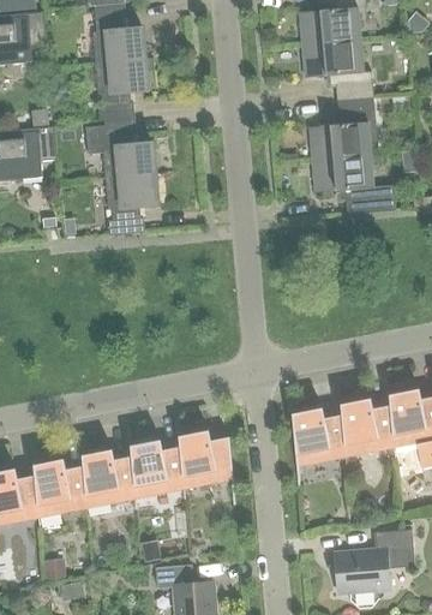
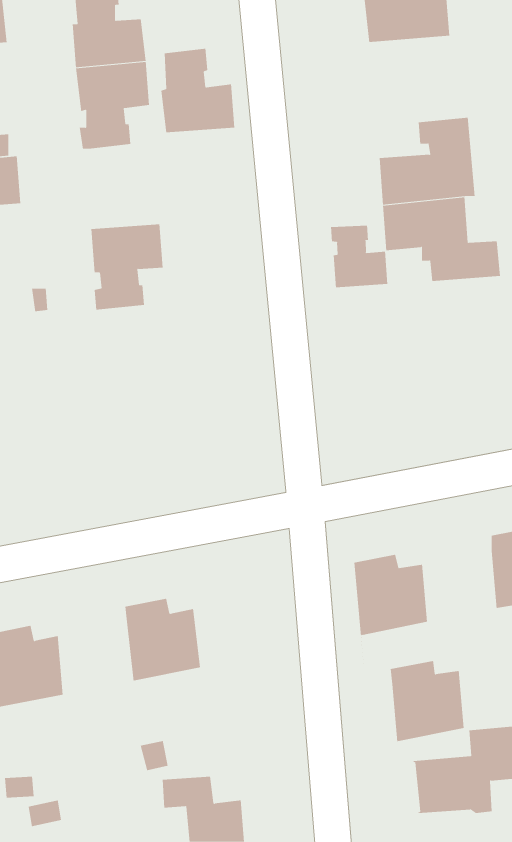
building: [302,40,373,101] -> none
building: [102,117,155,177] -> [161,48,235,133]
building: none -> [330,225,388,288]
building: [340,398,392,455] -> [390,660,464,742]
building: [179,429,234,504] -> none
building: [82,448,136,507] -> none

